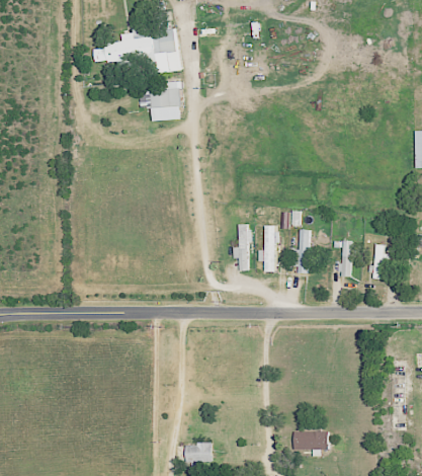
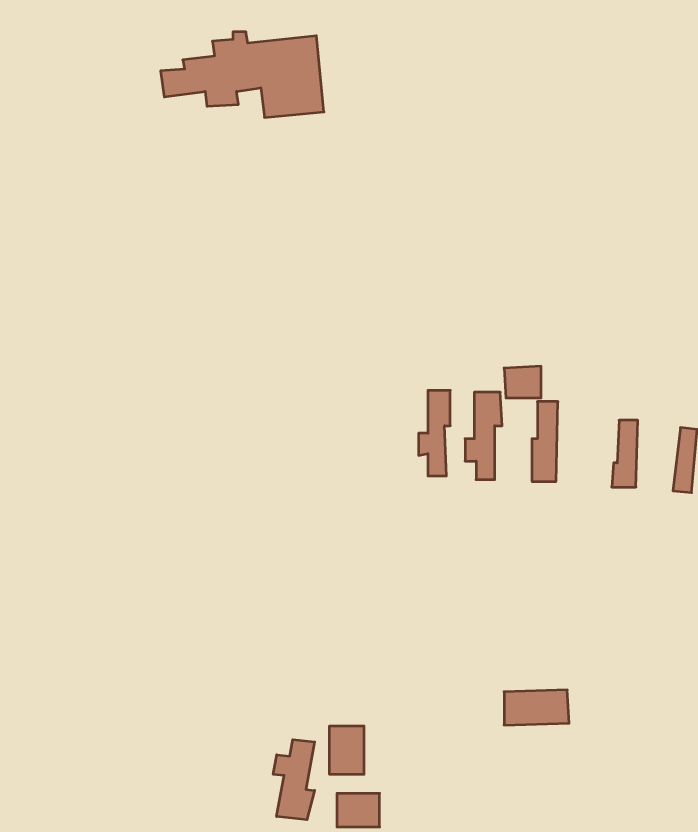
building: [152,82,183,121] -> none
building: none -> [330,726,364,774]
building: none -> [273,740,315,820]
building: [294,430,330,450] -> [504,690,569,725]

